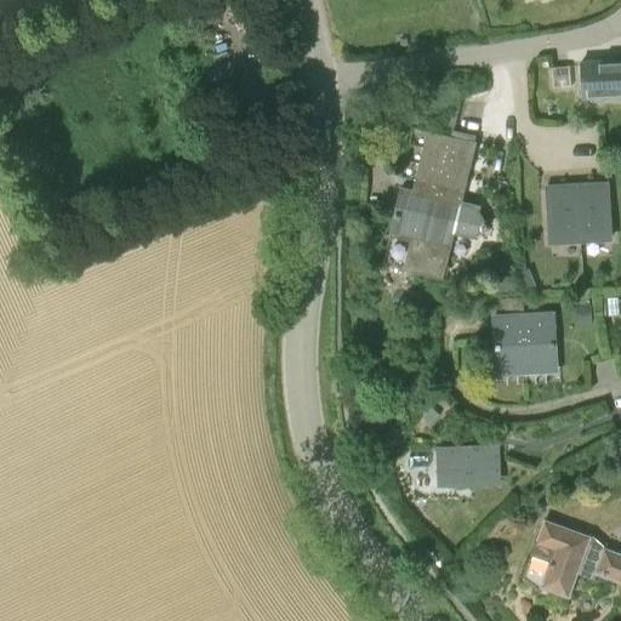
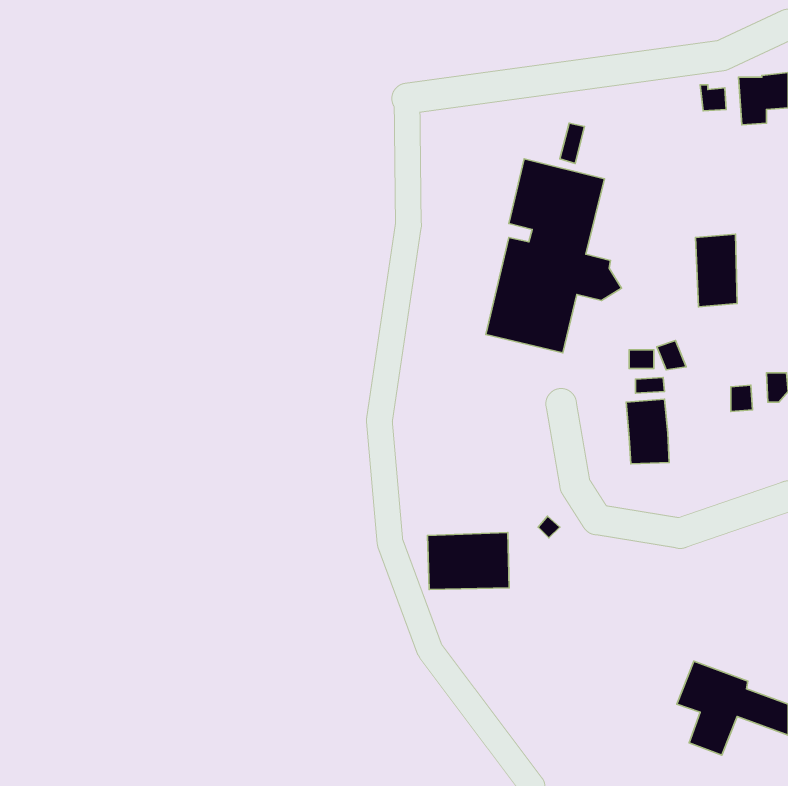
building: [579,183,611,239] -> none
building: [523,313,556,364] -> none
building: [437,446,501,491] -> [428,532,509,589]

